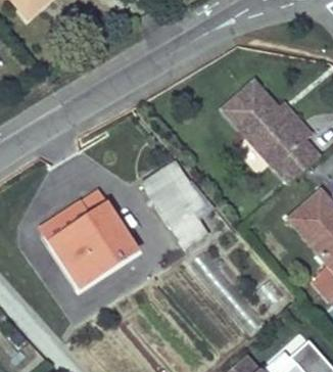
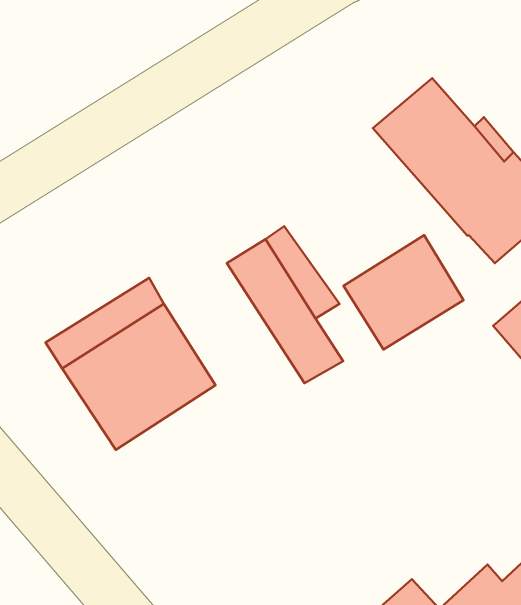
building: none -> [343,235,464,349]

